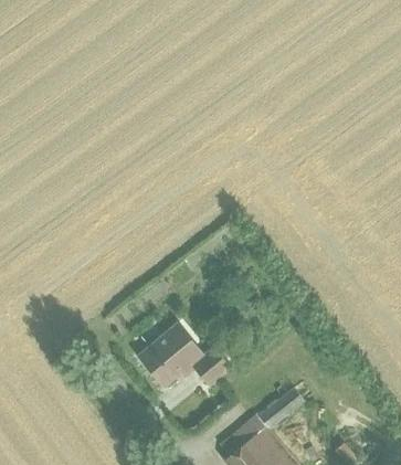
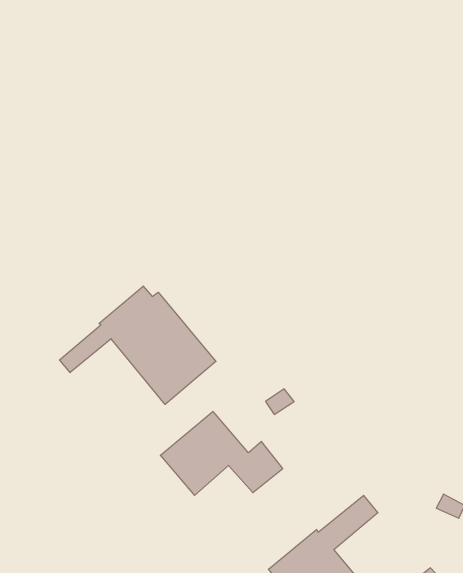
building: none -> [60,286,216,404]

